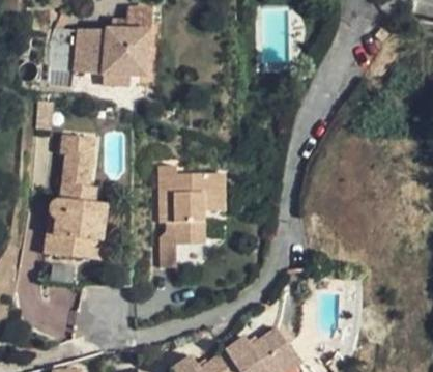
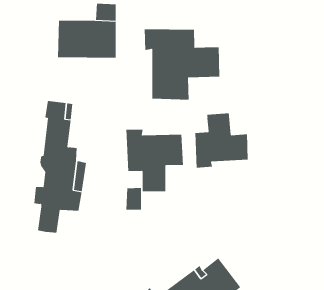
building: none -> [144,28,220,100]
building: none -> [195,112,248,169]

